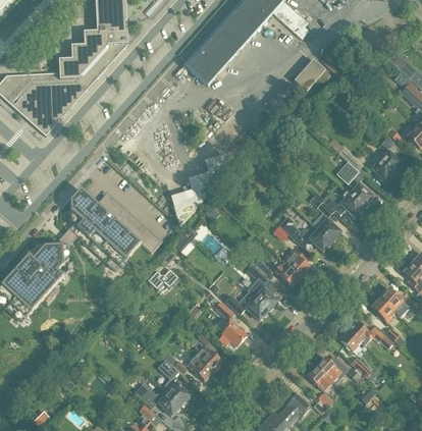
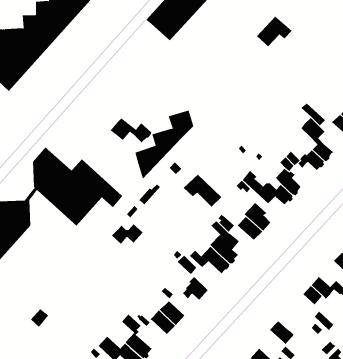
building: none -> [110,117,152,145]
building: none -> [183,174,222,208]
building: [316,356,348,383] -> none

